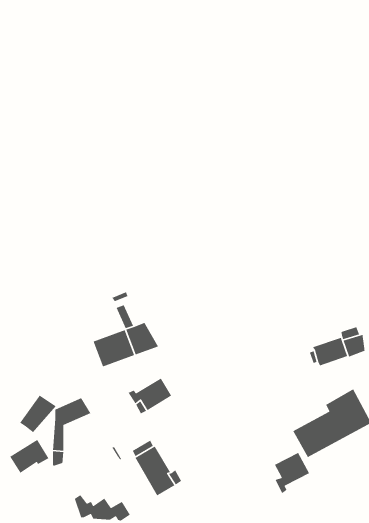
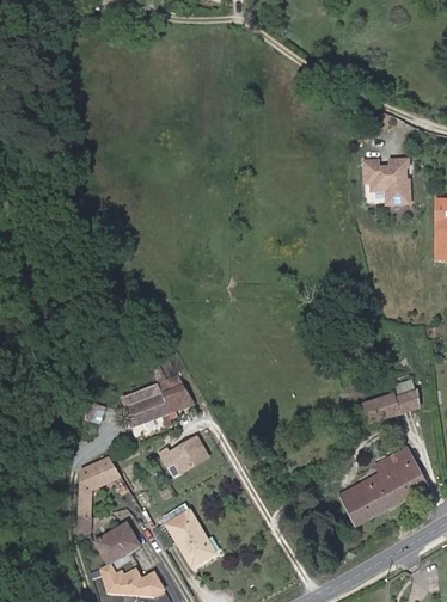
building: none -> [362,159,410,202]
building: [19,394,57,433] -> none
building: [9,439,50,474] -> [94,523,139,561]
building: [274,452,310,494] -> none

